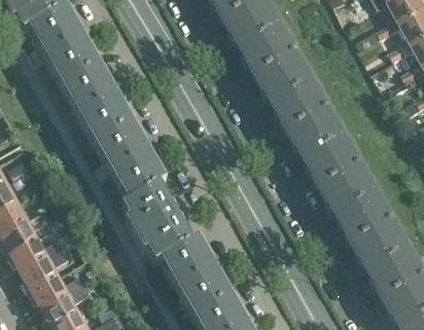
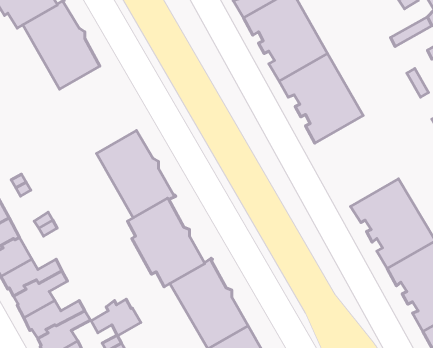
building: [61,65,130,143] -> none
building: [289,109,364,190] -> none
building: none -> [91,299,141,336]

